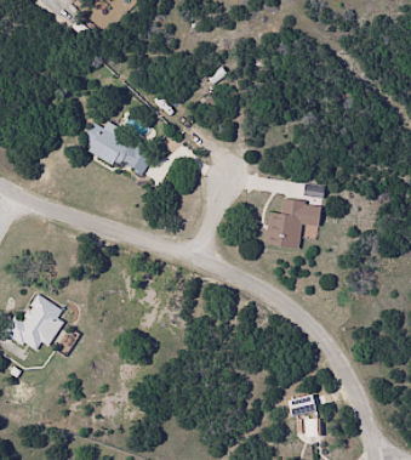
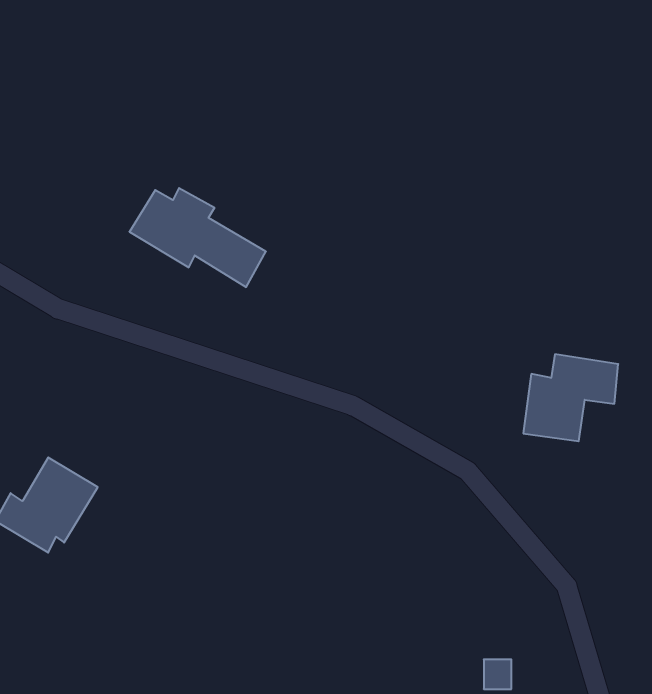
building: [268,200,326,254] -> [523,354,618,441]

